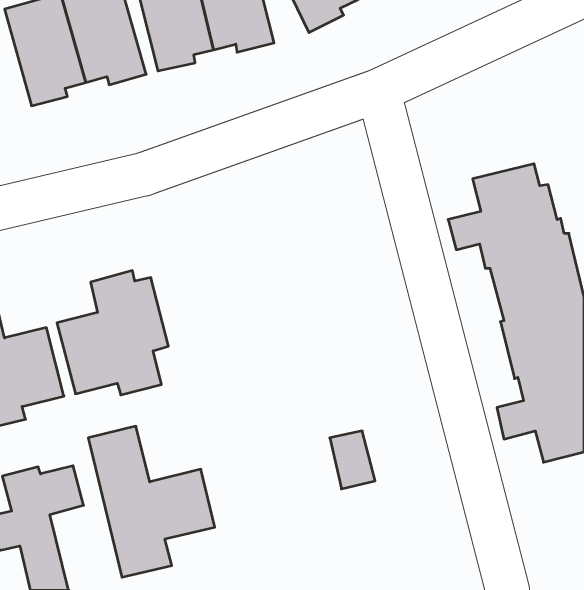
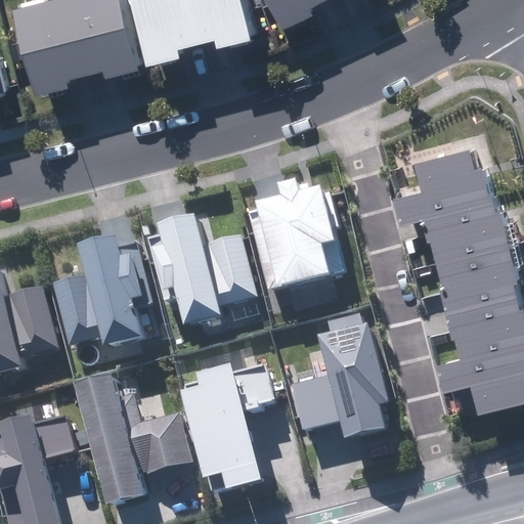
building: none -> [246,183,341,291]
building: none -> [148,219,255,329]
building: none -> [320,329,388,442]
building: none -> [183,363,273,491]

